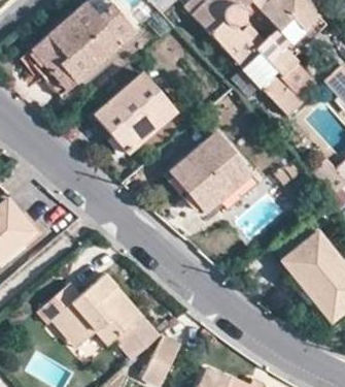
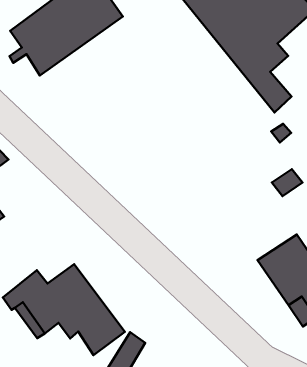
building: [95,73,174,152] -> none
building: [172,133,257,211] -> none

